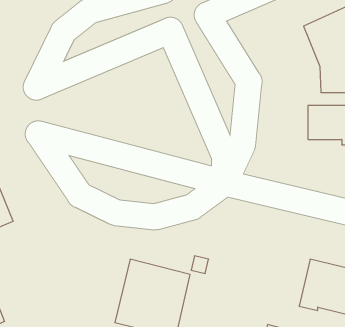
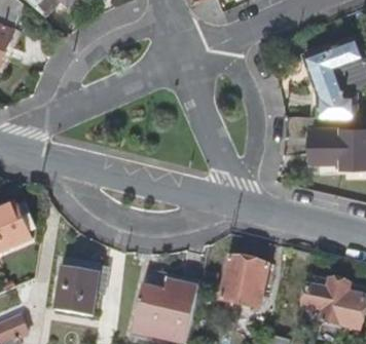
building: none -> [56,255,109,317]
building: none -> [218,255,266,306]

